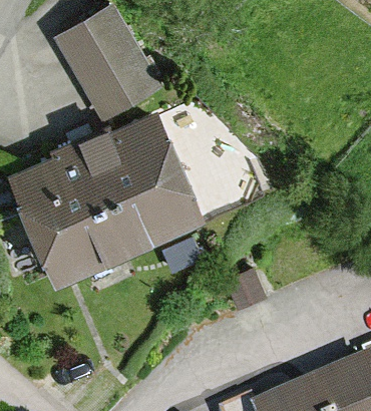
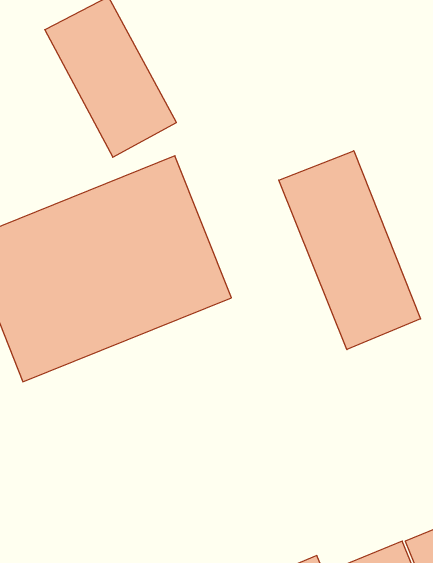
building: none -> [279,151,421,350]

